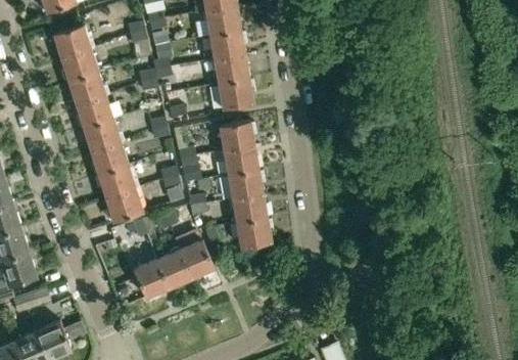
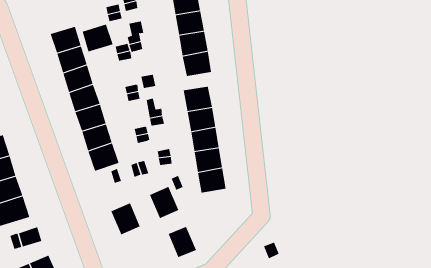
building: [53,24,91,57] -> [82,24,114,52]
building: [156,250,191,287] -> [168,226,197,258]

